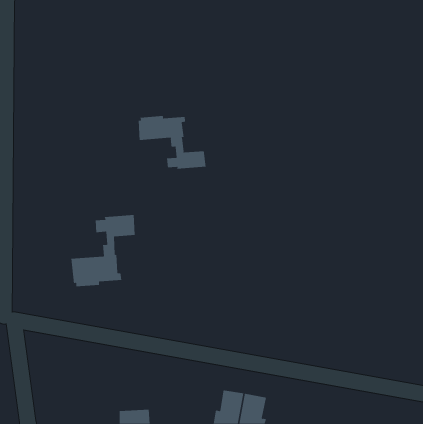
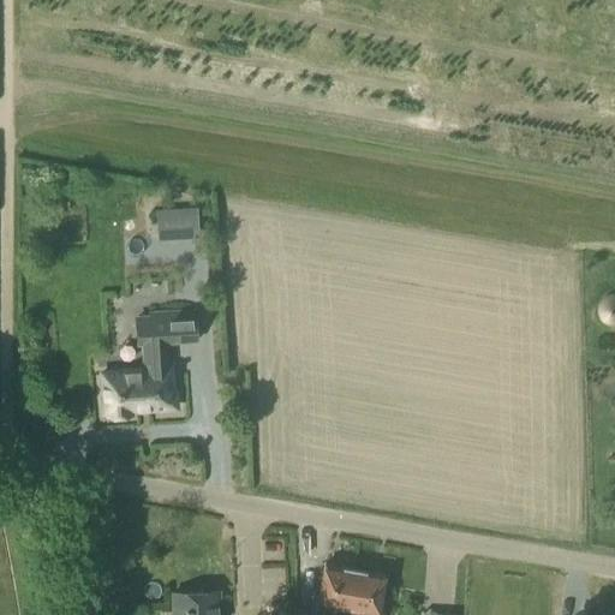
building: [138,115,206,170] -> none
building: none -> [157,208,185,239]

